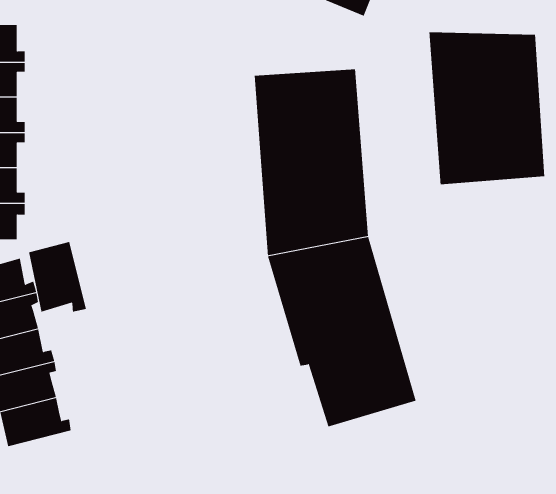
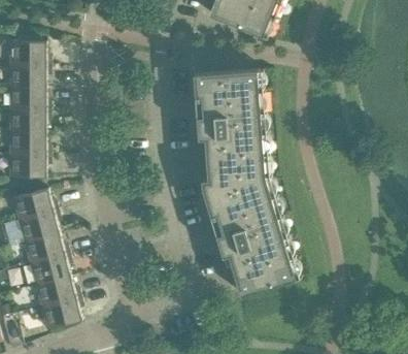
building: [429,31,545,185] -> none
building: [29,241,87,313] -> none
building: none -> [39,296,81,329]

